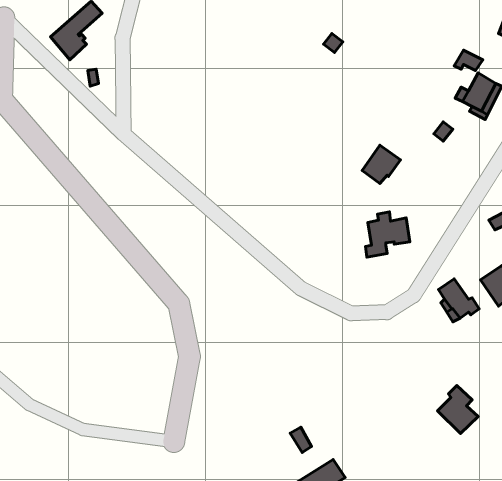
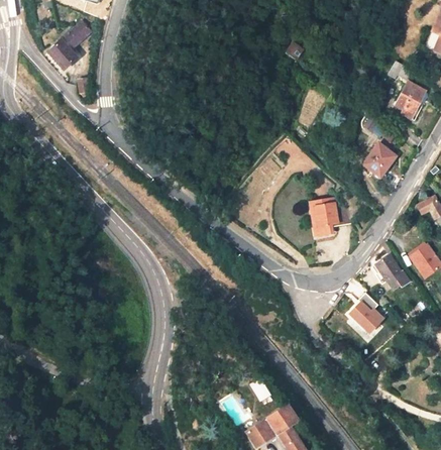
building: [362,145,400,184] -> [362,143,395,176]
building: [438,386,478,433] -> [349,292,383,332]

